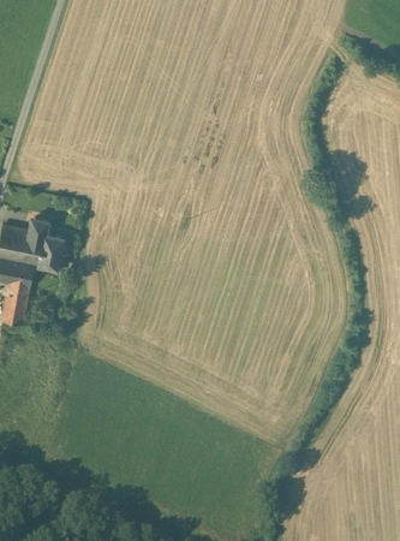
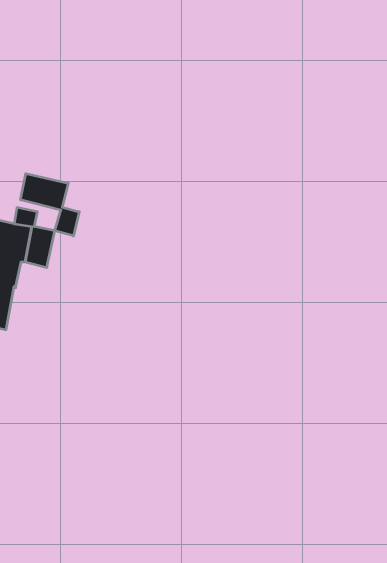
building: none -> [21,174,79,236]

